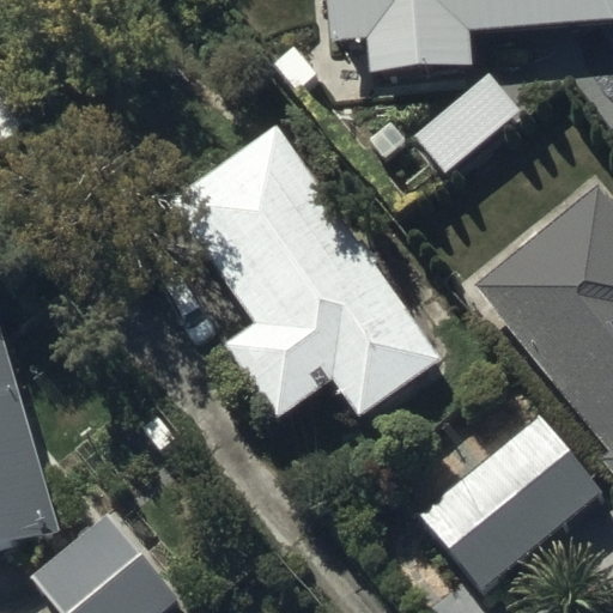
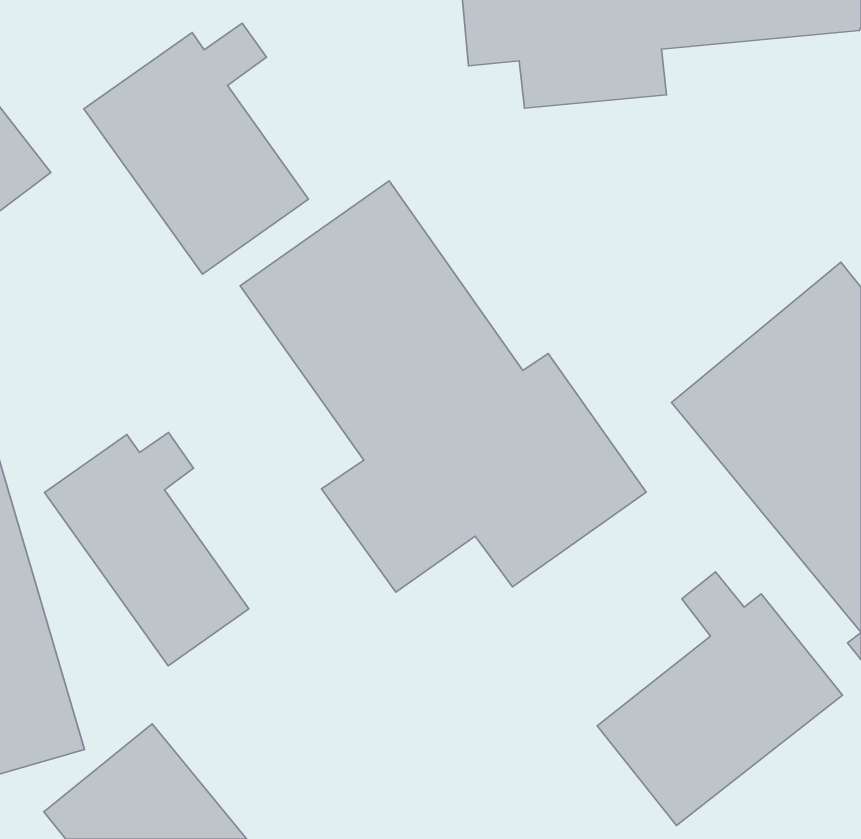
building: none -> [84,23,309,274]
building: none -> [44,432,249,666]

